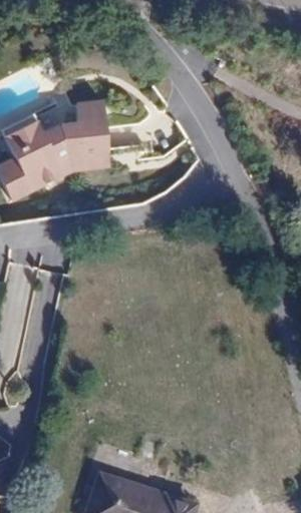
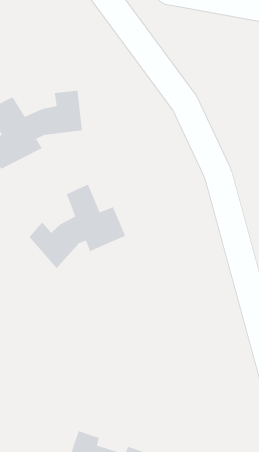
building: none -> [29,183,126,269]

